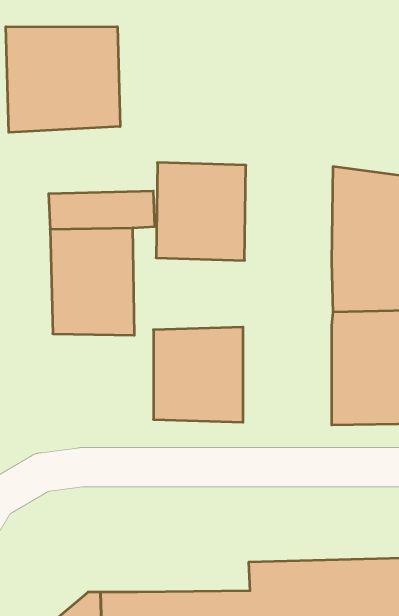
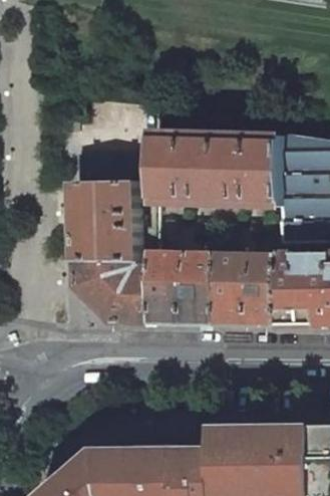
building: [6,27,120,132] -> none
building: none -> [212,135,277,206]
building: none -> [211,254,276,326]
building: none -> [70,259,144,322]

